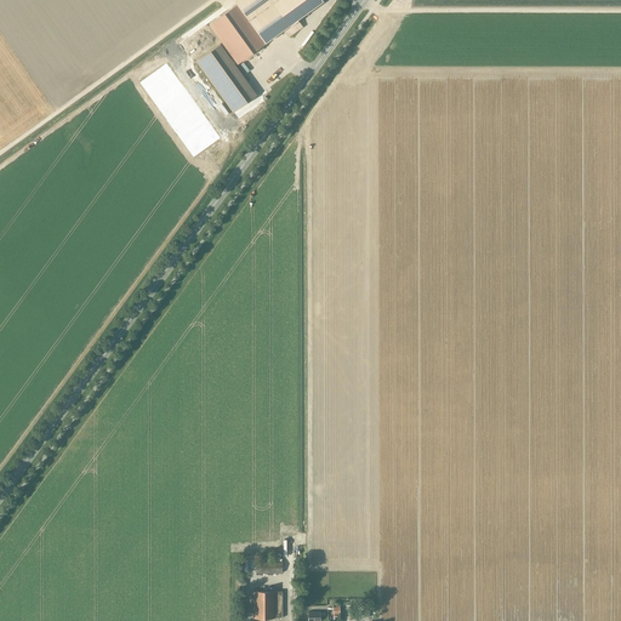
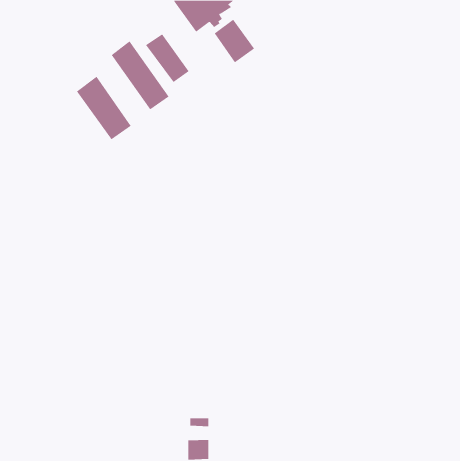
building: [209,5,263,64] -> [214,19,254,63]
building: none -> [76,76,131,140]

